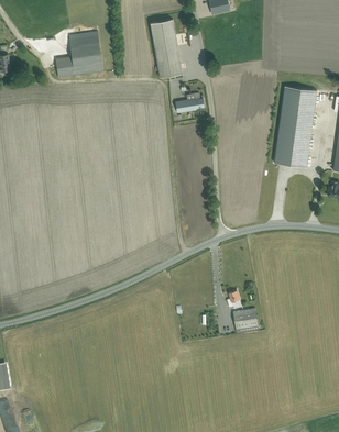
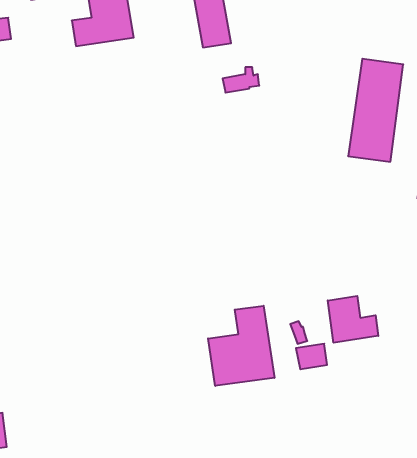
building: none -> [328,296,378,343]
building: none -> [208,306,274,386]

